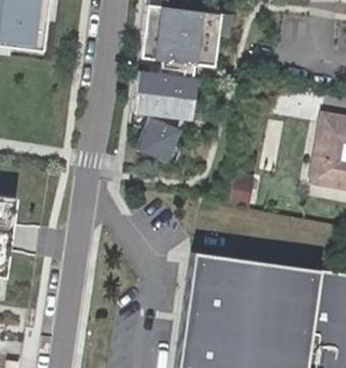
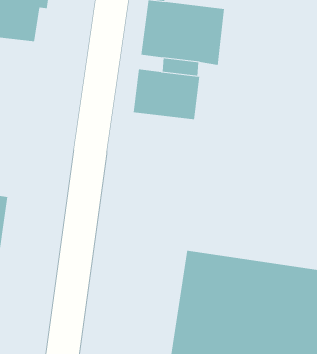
building: [133,121,179,167] -> none

